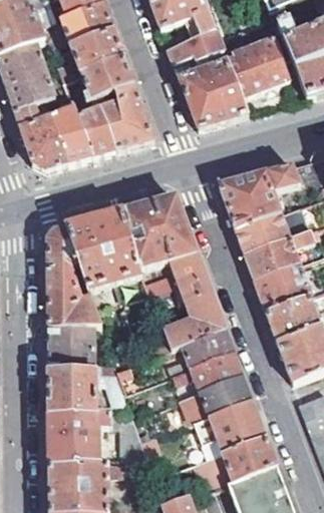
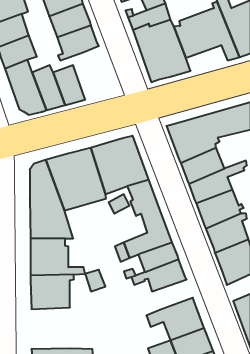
building: [100,81,152,148] -> none
building: [199,373,250,411] -> none
building: [48,407,134,460] -> none

